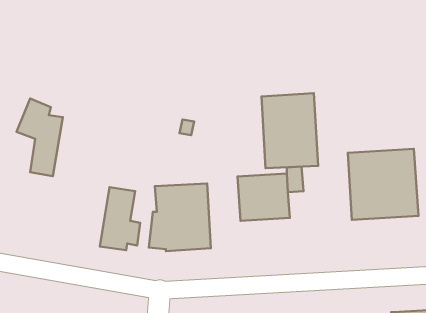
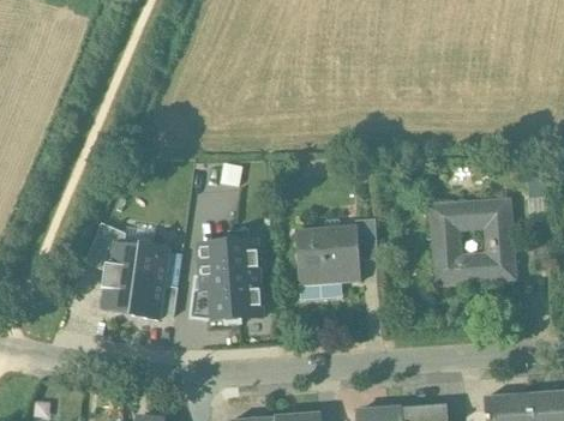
building: [261,93,318,168] -> none
building: [17,98,63,176] -> [84,221,140,315]

